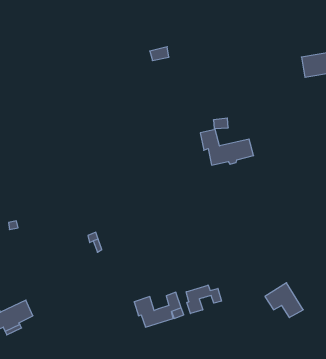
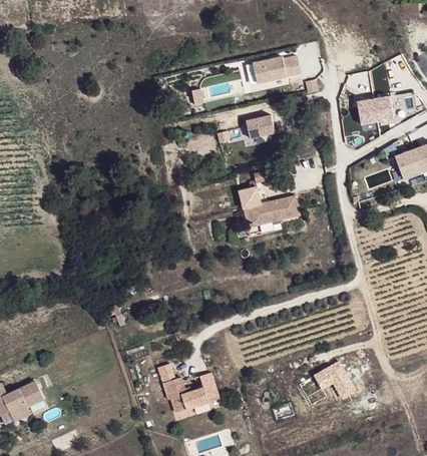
building: none -> [253,55,301,81]
building: none -> [245,115,276,142]
building: [186,285,222,314] -> none

